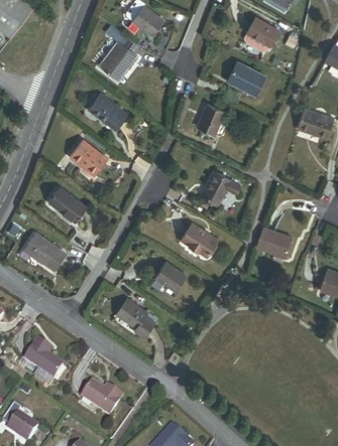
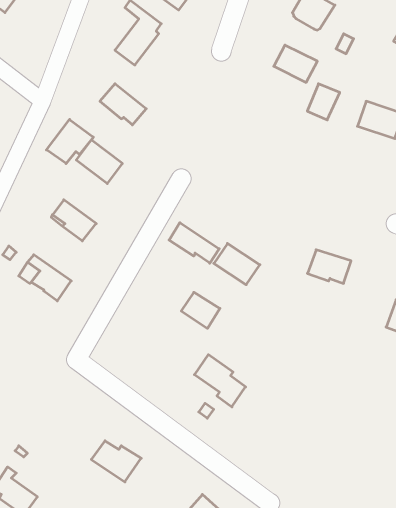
building: [197,104,223,133] -> [307,84,340,120]
building: none -> [46,119,93,164]
building: [203,170,237,203] -> none
building: none -> [169,223,219,263]
building: [115,297,156,339] -> [194,355,246,407]
building: [24,338,62,385] -> none

